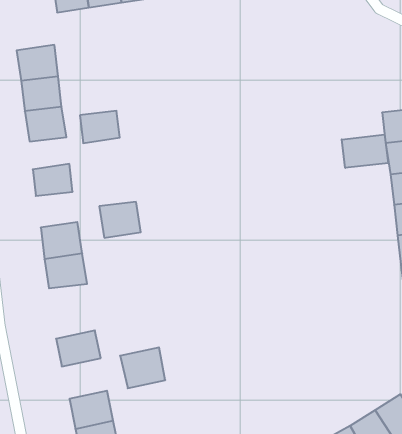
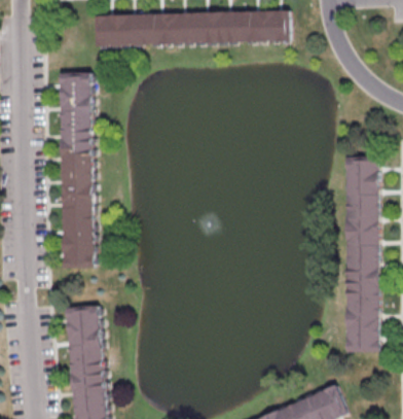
building: [80,111,120,143] -> [62,147,91,170]
building: [342,134,388,168] -> none
building: [99,202,141,238] -> [62,191,93,217]
building: [120,347,165,388] -> [67,327,101,357]

